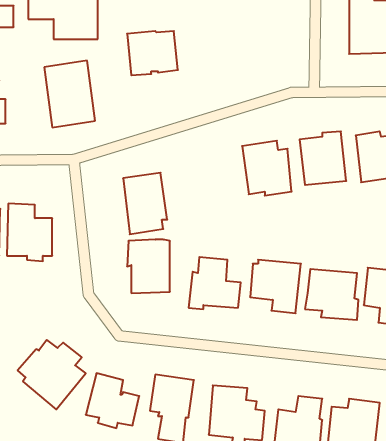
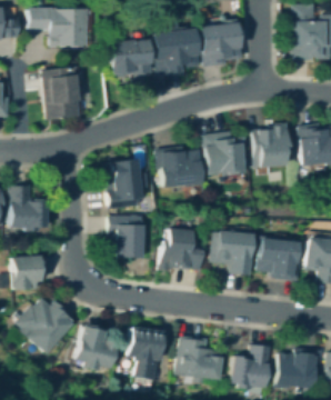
building: none -> [201,22,242,67]
building: none -> [153,29,199,76]
building: none -> [158,146,204,187]
building: none -> [12,254,43,289]

